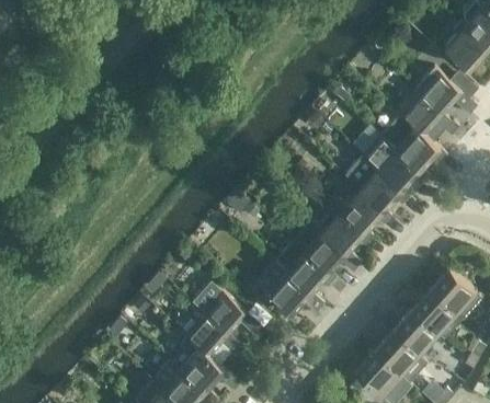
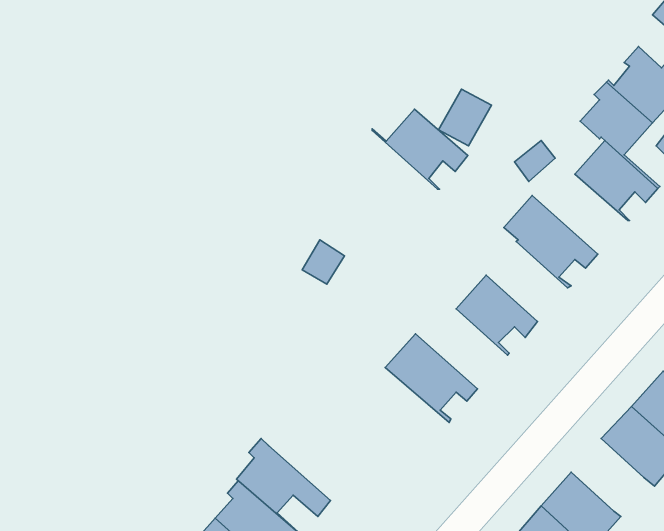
building: [367,147,426,196] -> [372,109,468,189]
building: [339,188,389,238] -> none
building: [295,224,352,279] -> none
building: [258,266,316,315] -> none
building: [204,289,247,348] -> none
building: [391,310,436,355] -> none

